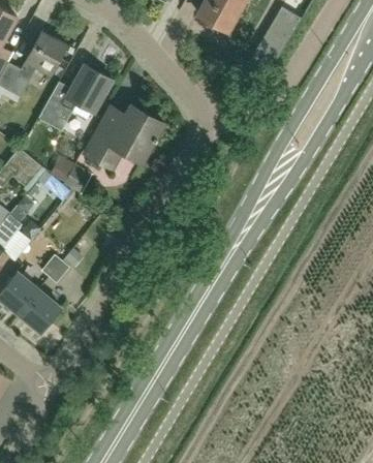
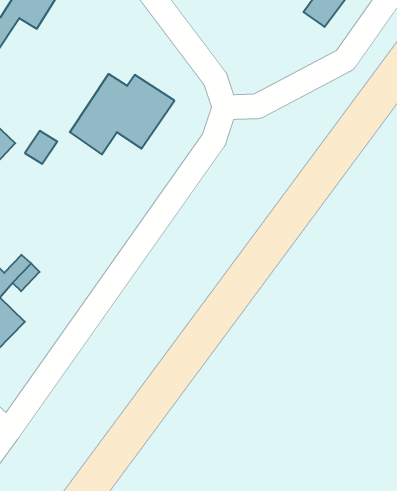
building: [37,64,112,131] -> none

